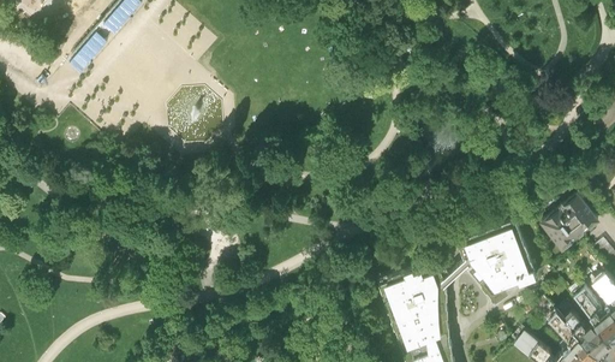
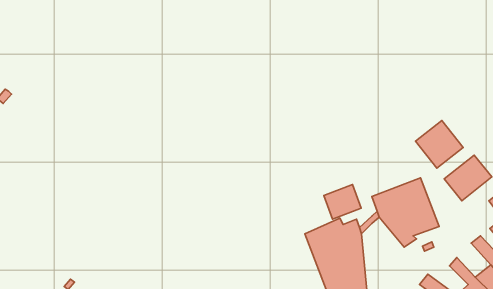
building: none -> [415,120,463,168]
building: none -> [324,184,361,219]

